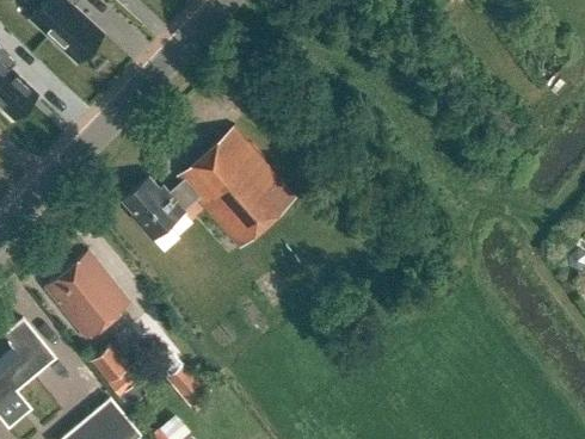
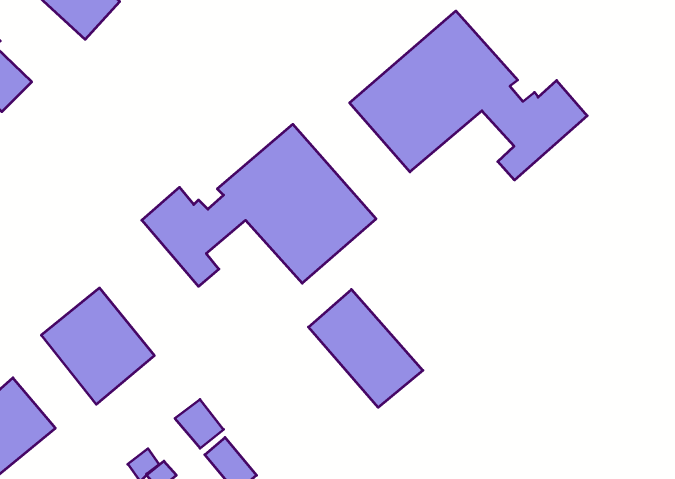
building: none -> [350,11,587,180]
building: none -> [308,289,423,407]
building: [88,346,125,383] -> [175,399,224,448]

